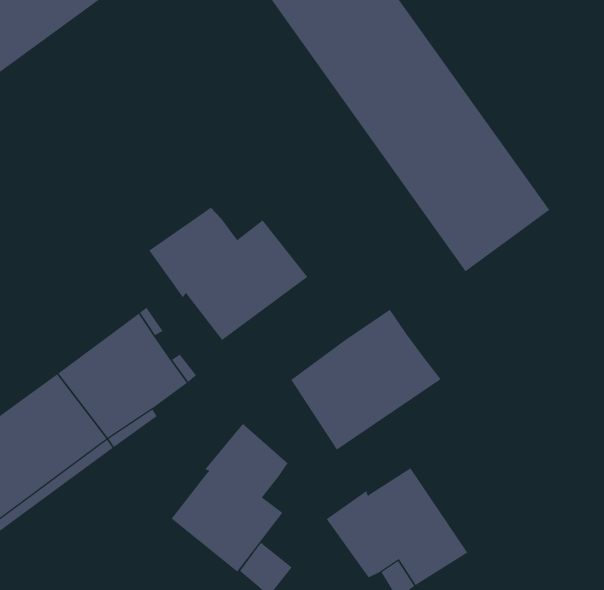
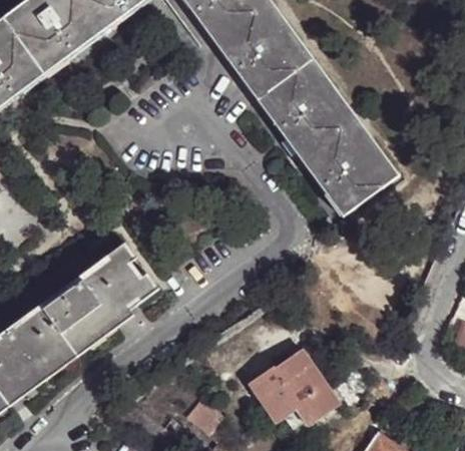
building: [149,207,308,341] -> none
building: [291,309,441,450] -> none
building: [171,423,288,572] -> none

